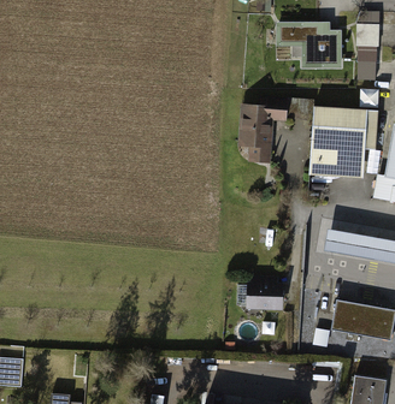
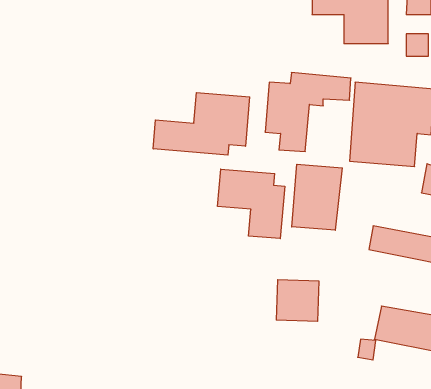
building: none -> [153,93,250,155]
building: none -> [292,164,342,230]
building: none -> [218,169,285,239]

